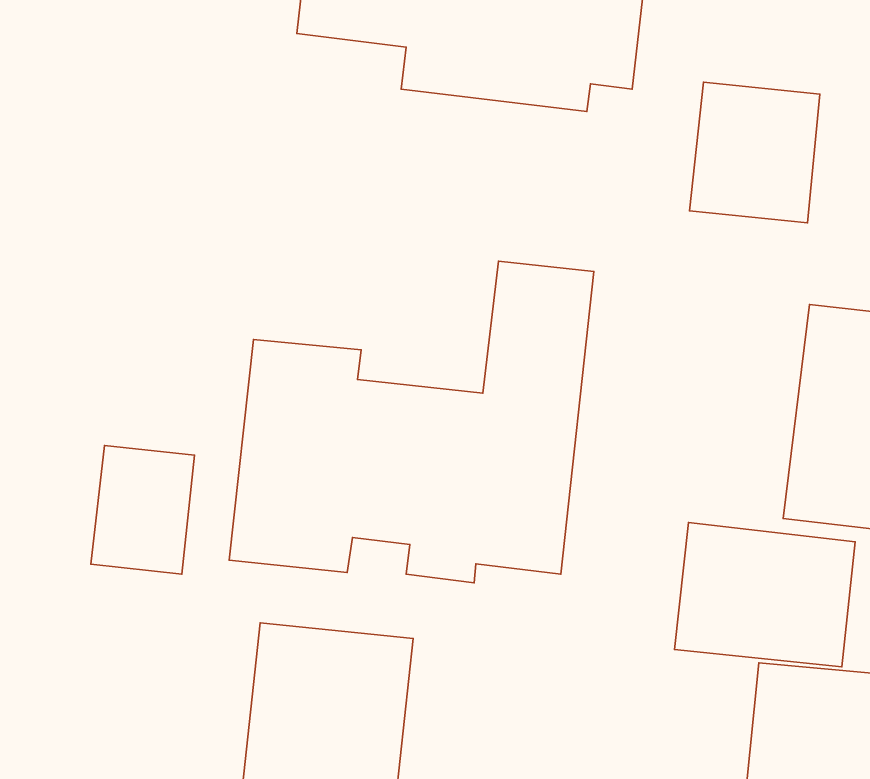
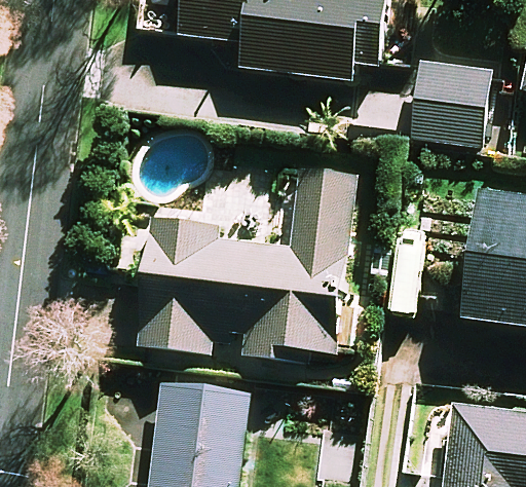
building: [91,446,194,574] -> none
building: [675,522,855,667] -> none

